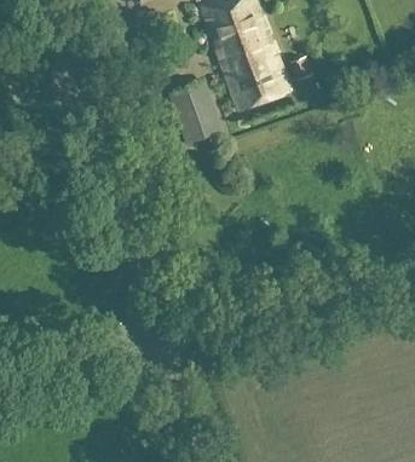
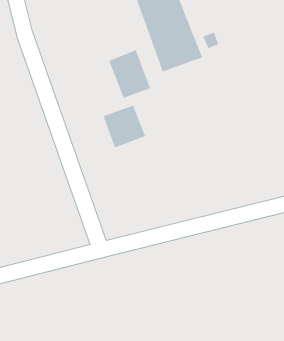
building: none -> [103,104,146,149]

